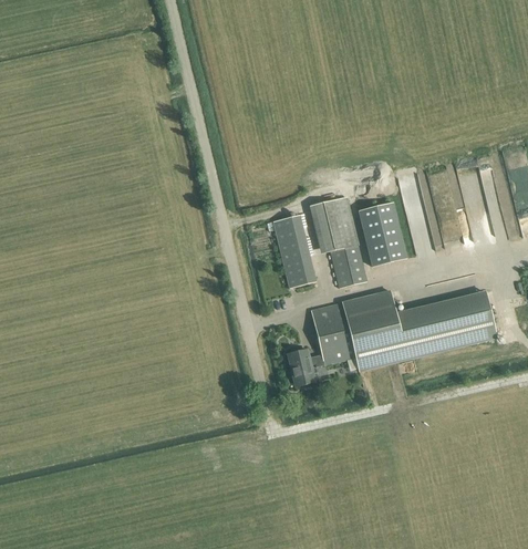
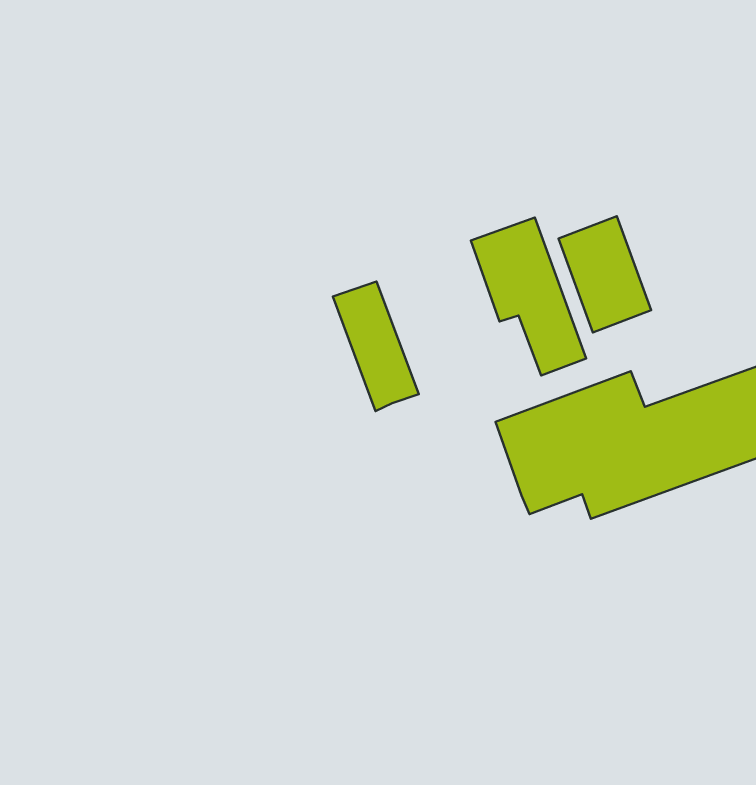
building: [273,215,315,288] -> [333,282,419,411]
building: [288,348,324,385] -> none

